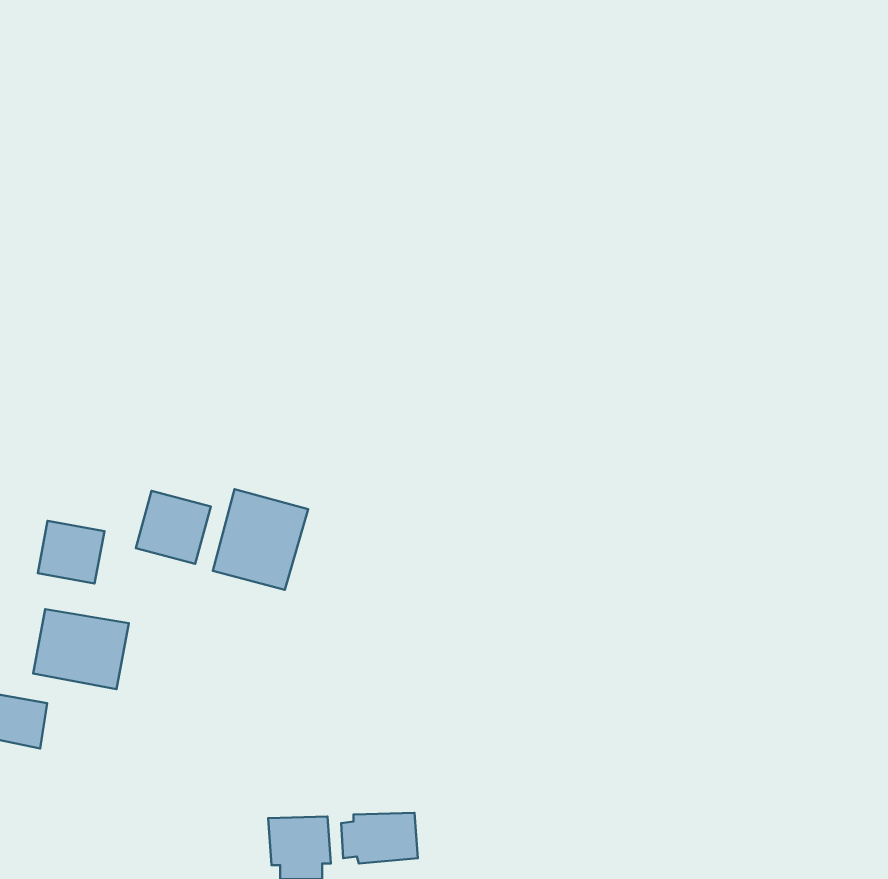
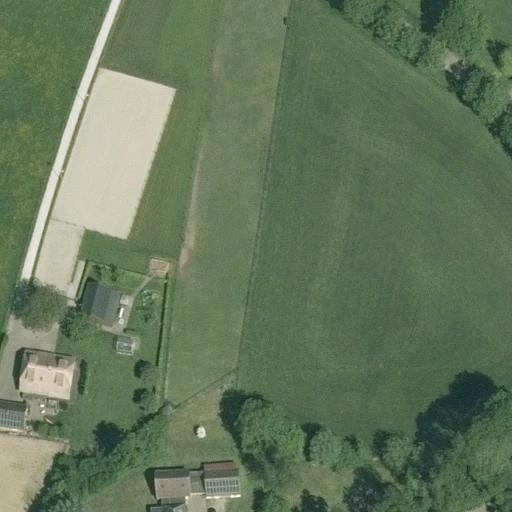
building: [213,489,308,590] -> none
building: [38,521,104,584] -> none

